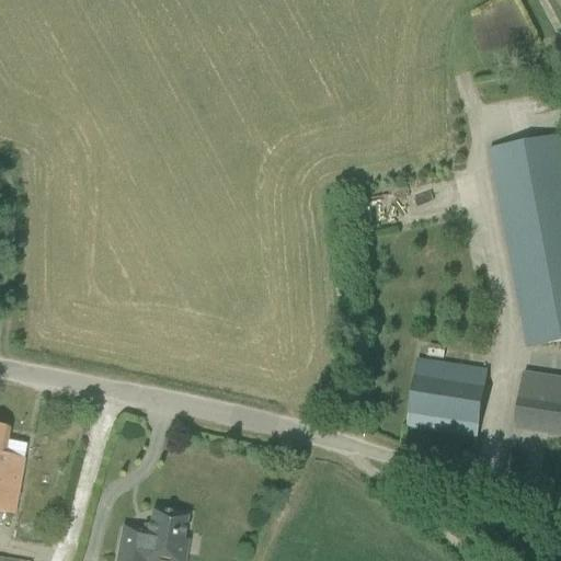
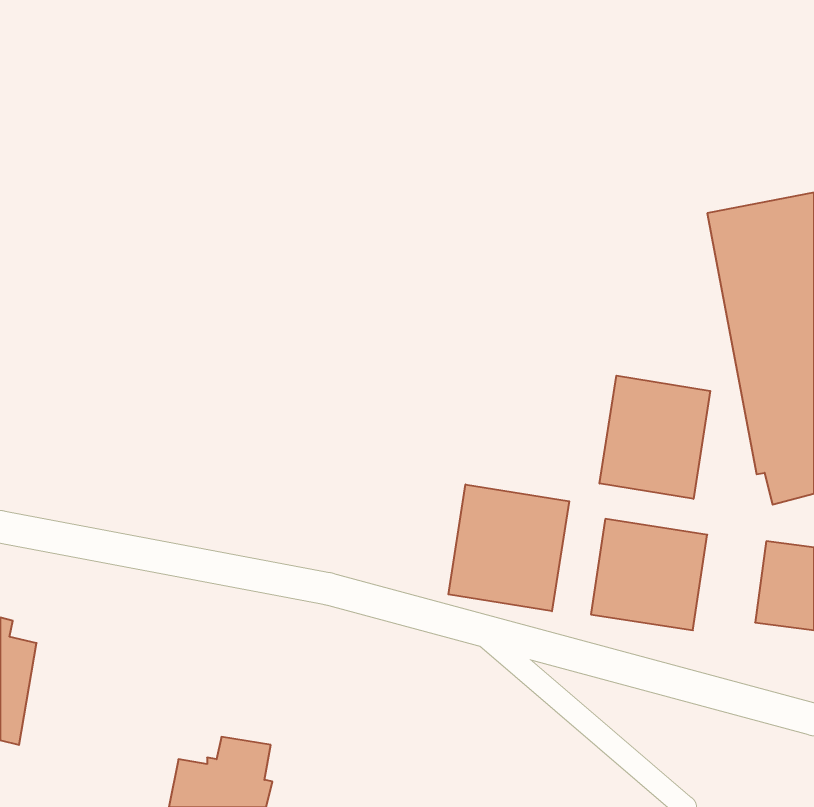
building: none -> [600,376,710,499]
building: none -> [448,484,569,611]

